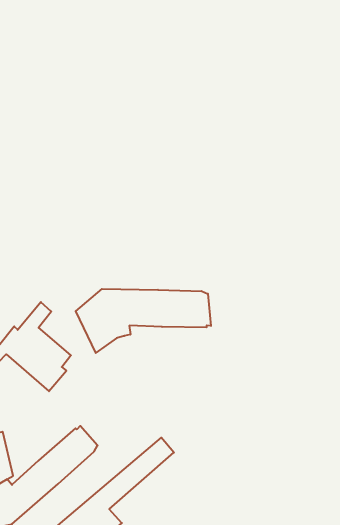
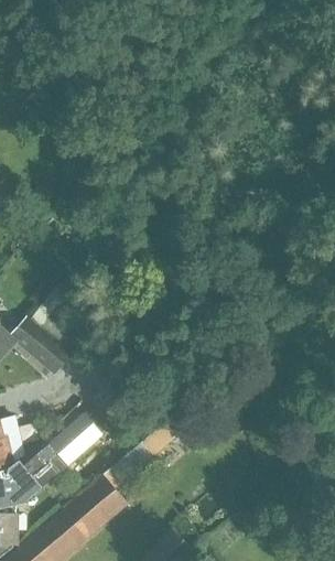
building: [76,289,211,353] -> none

